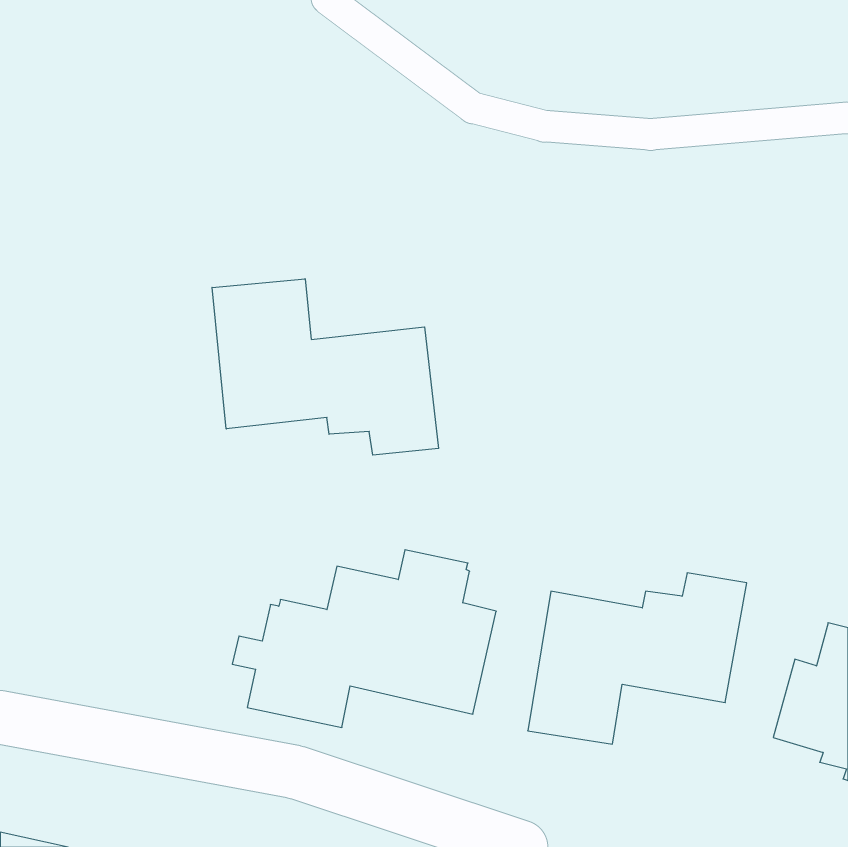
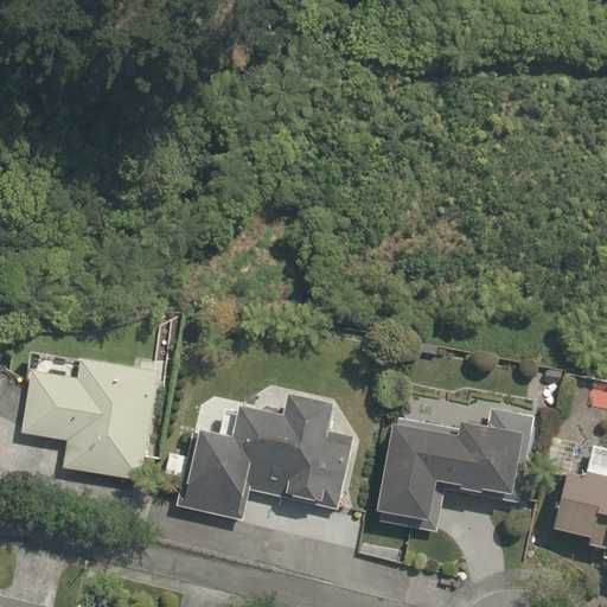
building: [212,279,439,455] -> none
building: none -> [21,353,156,479]

